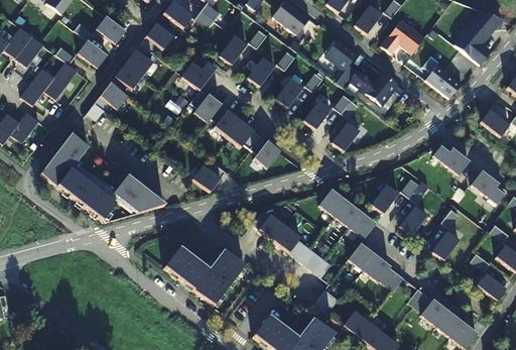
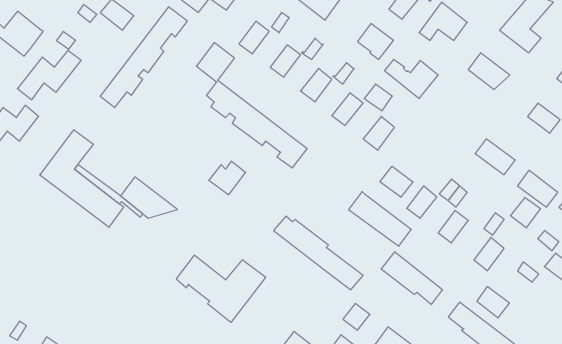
building: [78,39,106,67] -> none
building: none -> [380,166,413,197]
building: none -> [510,197,540,228]
building: [477,272,506,301] -> [477,287,509,318]

